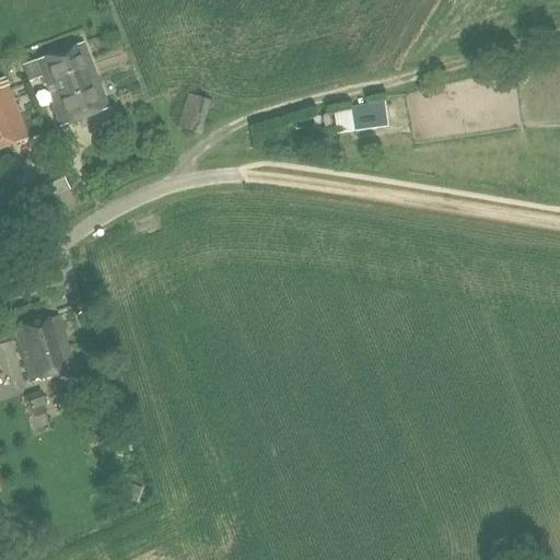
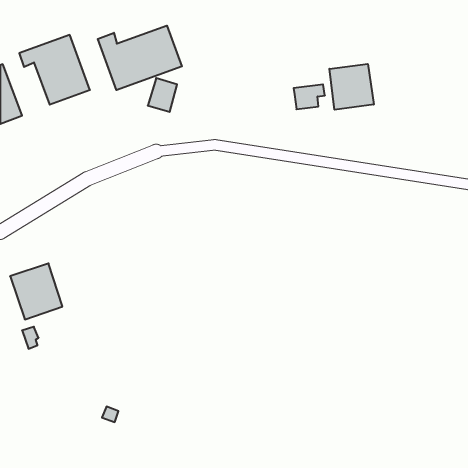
building: none -> [98,26,182,90]
building: none -> [329,64,374,110]

